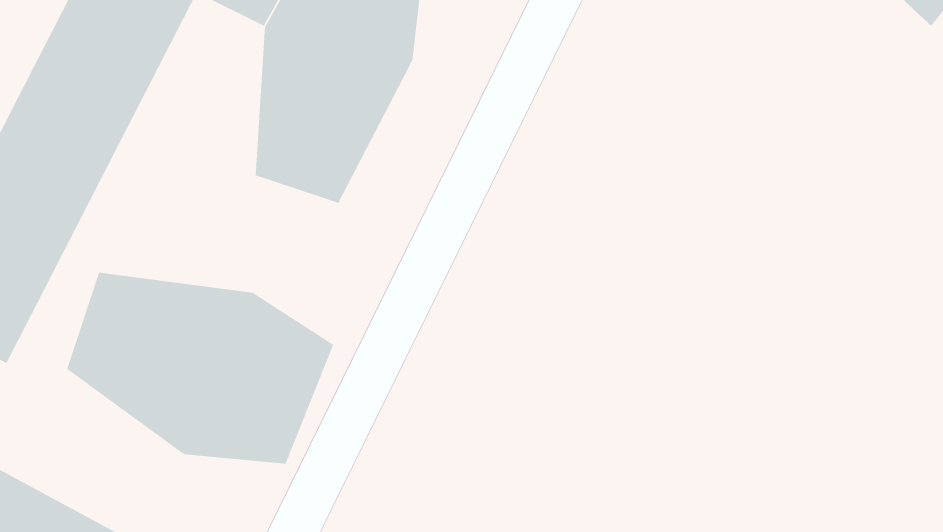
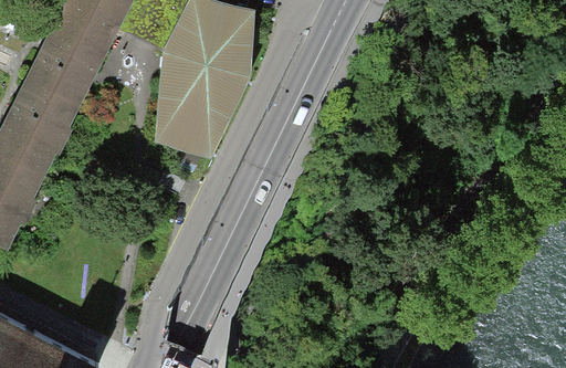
building: [66,272,334,465] -> none

